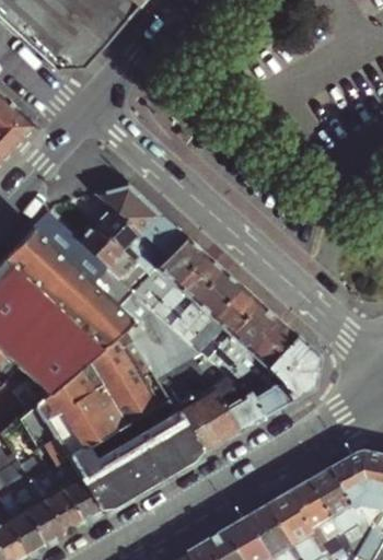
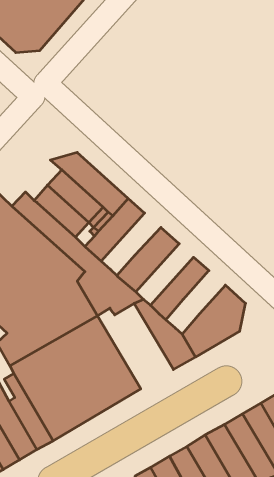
building: [152,254,220,318] -> none
building: [191,289,257,352] -> none
building: [225,319,293,392] -> none
building: [148,357,234,454] -> none

